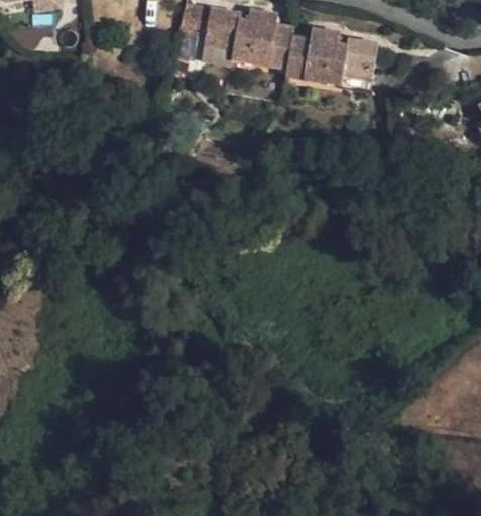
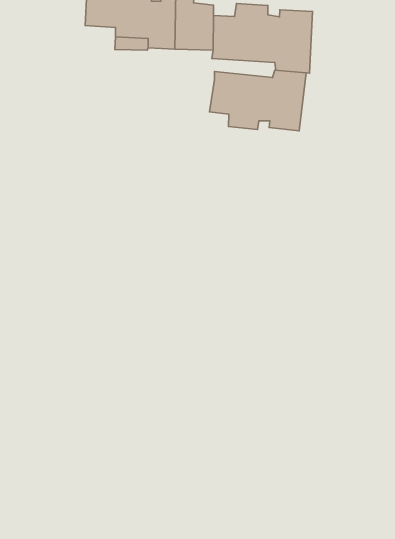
building: none -> [209,70,306,131]

